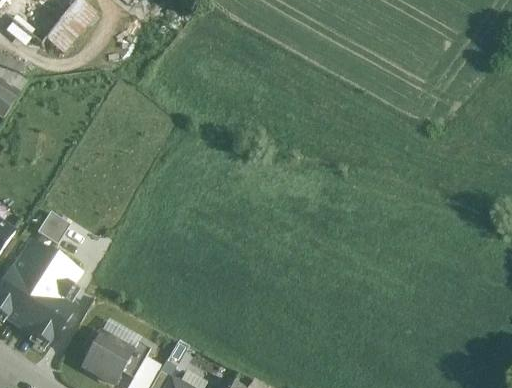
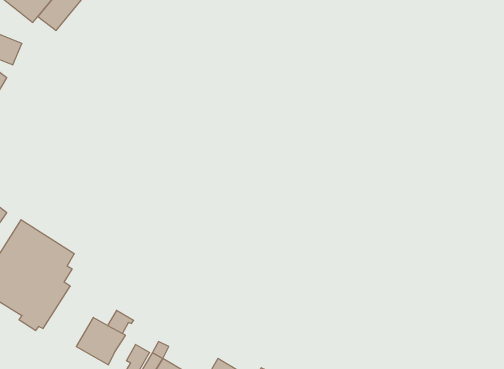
building: [37,211,70,244] -> none
building: [122,341,151,379] -> none

